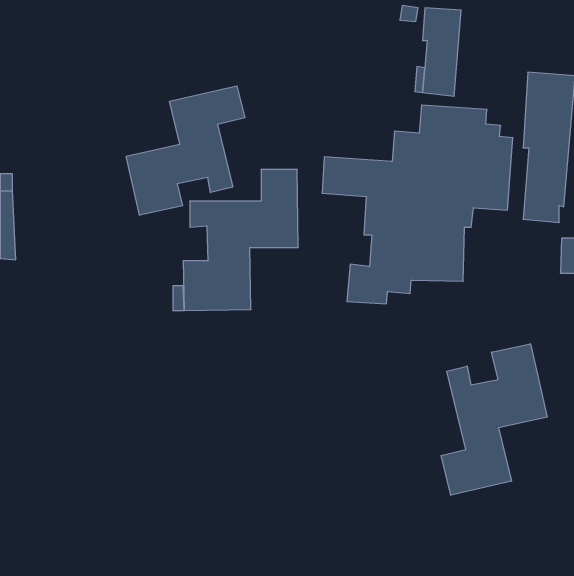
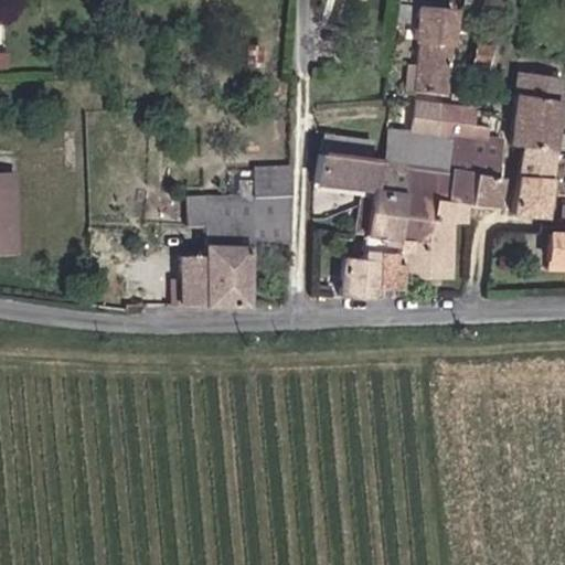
building: [126,86,245,215] -> none
building: [441,344,547,495] -> none

